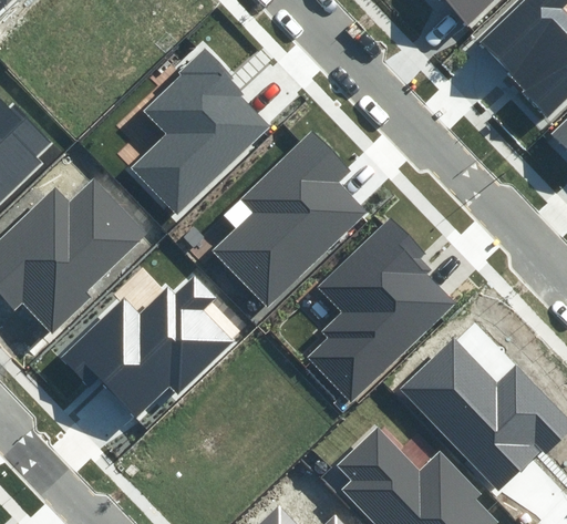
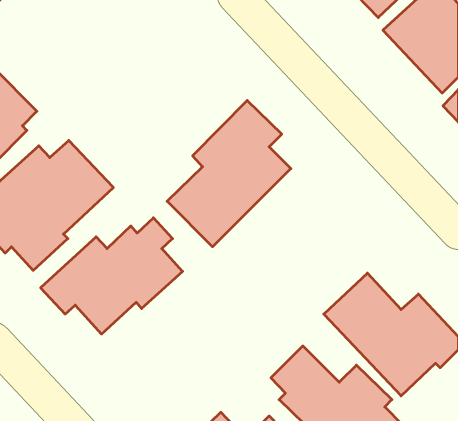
building: [131,56,269,214] -> none
building: [309,220,451,401] -> none

